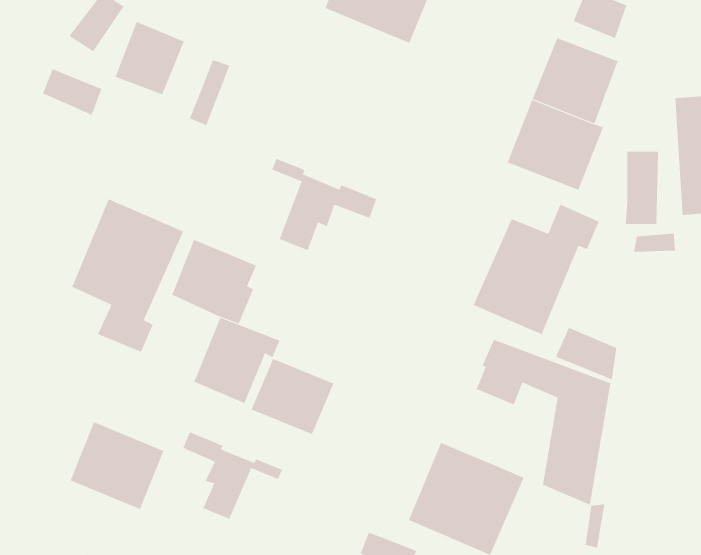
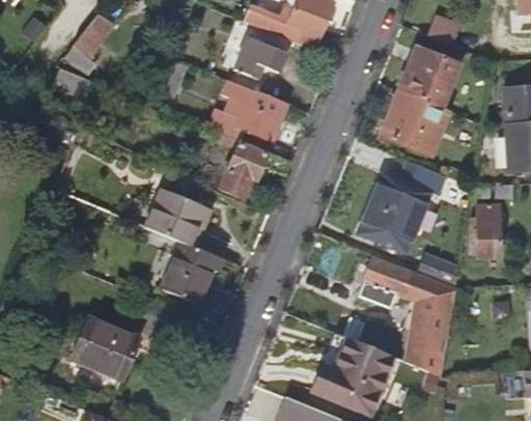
building: [115,21,184,95] -> none
building: none -> [232,36,286,79]
building: none -> [223,80,286,141]
building: [625,151,659,225] -> [477,203,501,255]
building: [71,199,184,353] -> none
building: [251,358,334,435] -> none
building: [182,431,283,520] -> none

